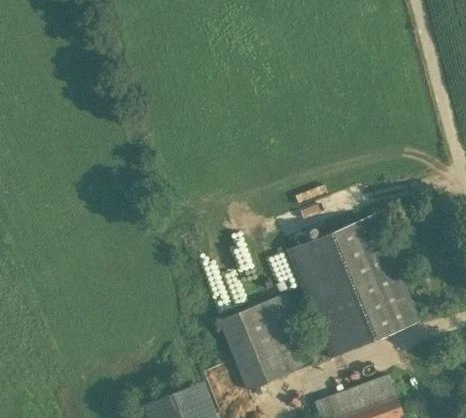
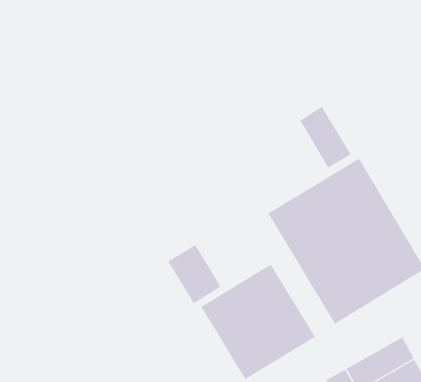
building: none -> [300,106,351,169]
building: none -> [167,244,221,304]

